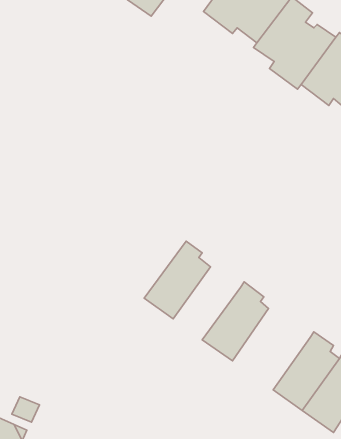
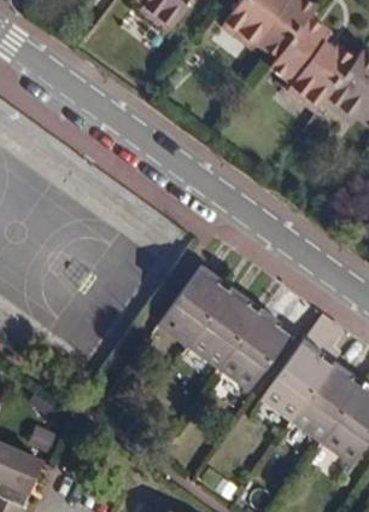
building: none -> [191,286,260,368]
building: none -> [265,315,342,420]

